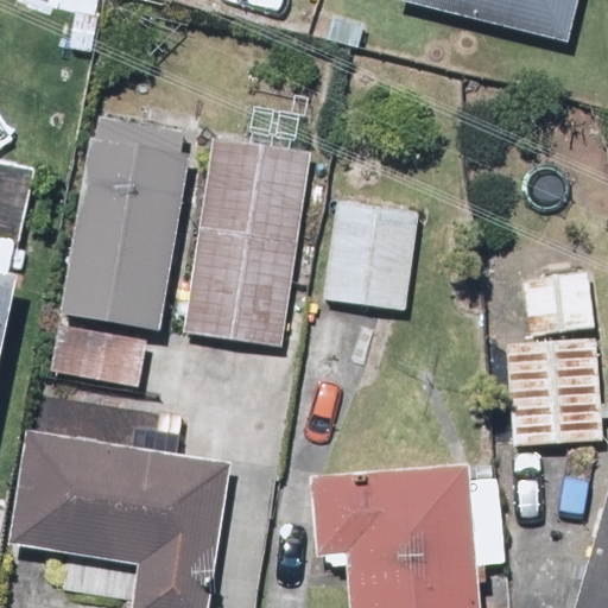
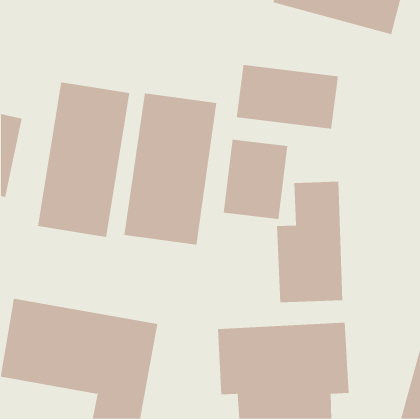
building: none -> [236,64,338,129]
building: [502,277,598,451] -> [276,181,343,303]

